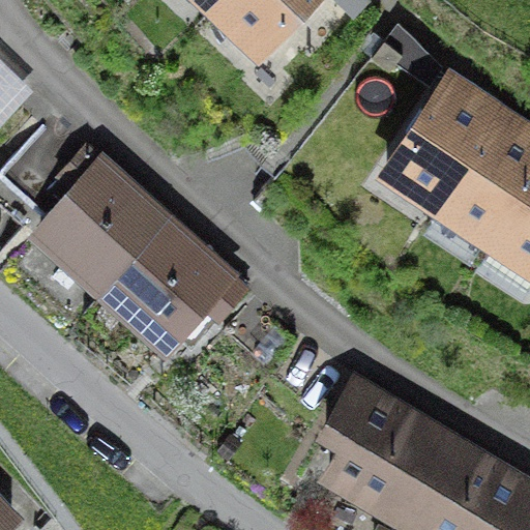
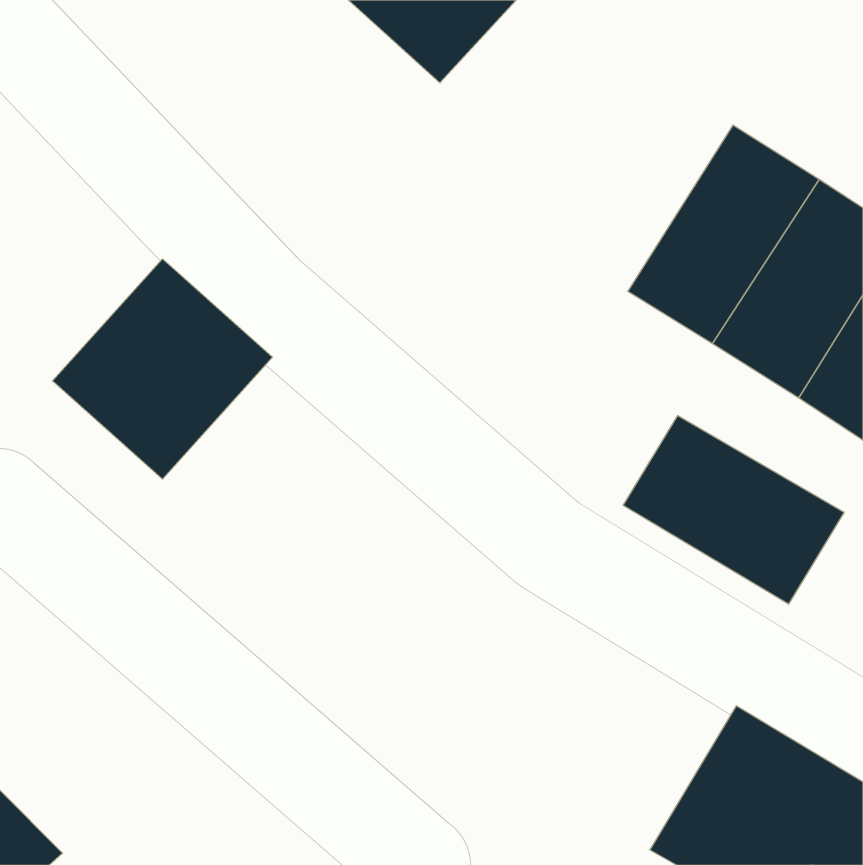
building: [99,218,238,357] -> none
building: none -> [623,416,844,604]
building: [324,378,450,520] -> none

